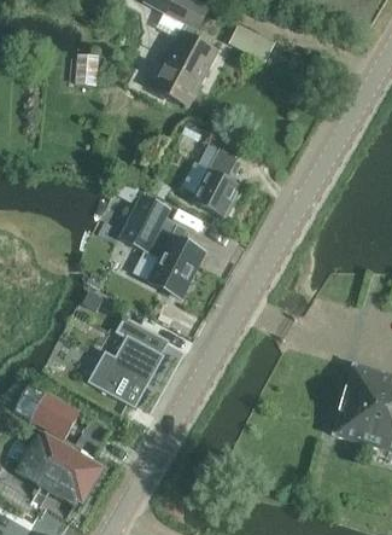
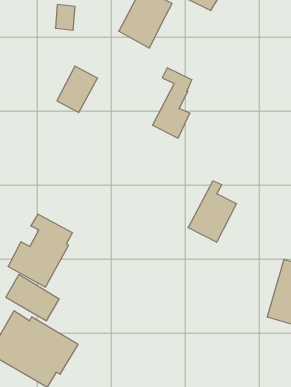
building: [122,190,171,246] -> [57,66,98,113]
building: [146,223,205,298] -> [188,181,237,242]
building: [88,316,166,406] -> [8,214,72,287]

